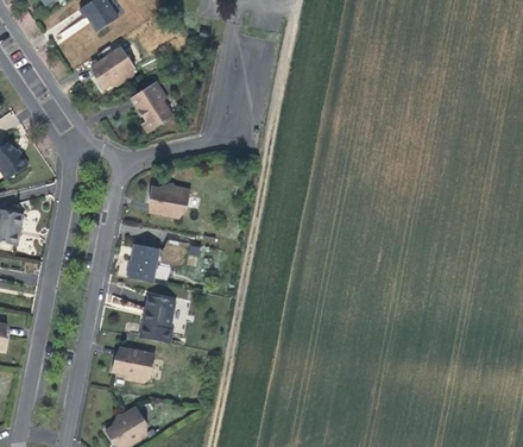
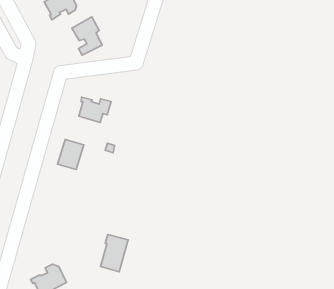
building: [141,295,175,342] -> [100,234,128,272]
building: [112,347,155,383] -> none

